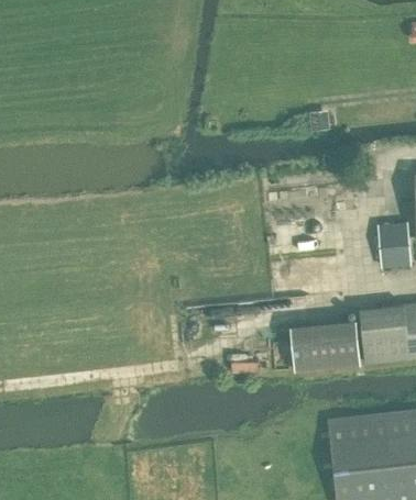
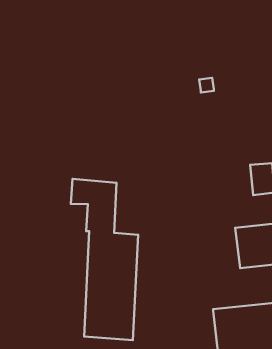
building: none -> [71,179,138,340]
building: [289,320,360,371] -> none

